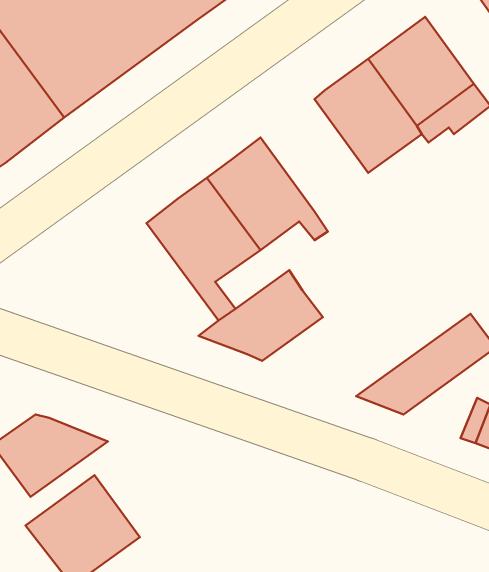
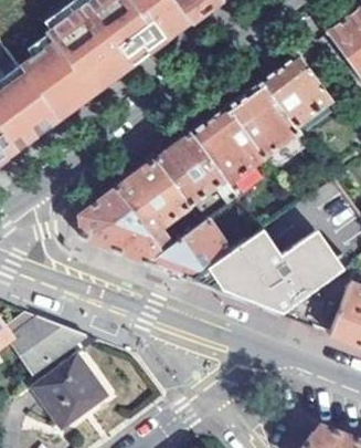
building: none -> [190,107,261,181]
building: none -> [78,189,162,263]
building: none -> [191,230,328,303]

